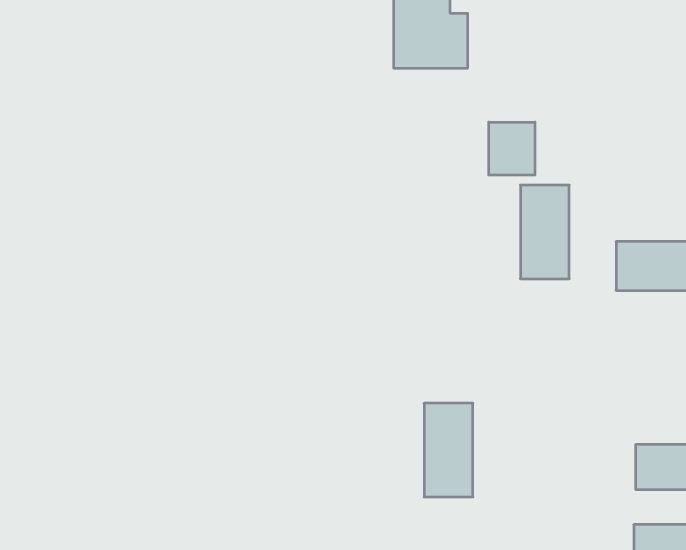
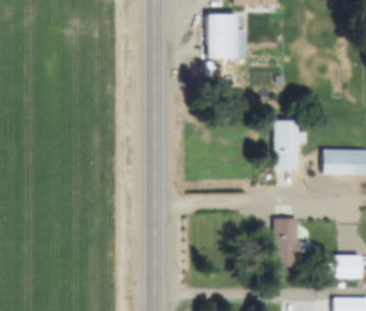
building: [489,122,535,175] -> none
building: [424,403,473,497] -> [273,217,299,266]

